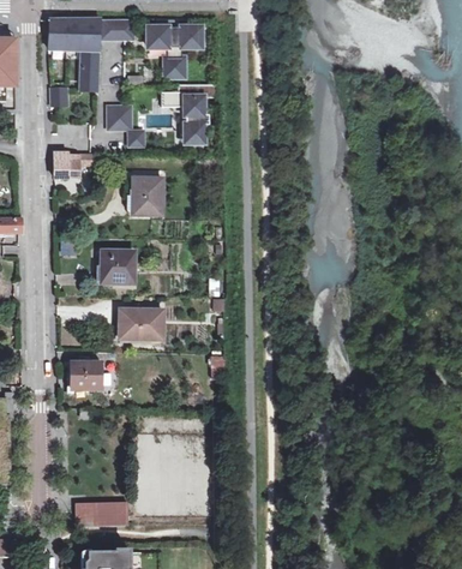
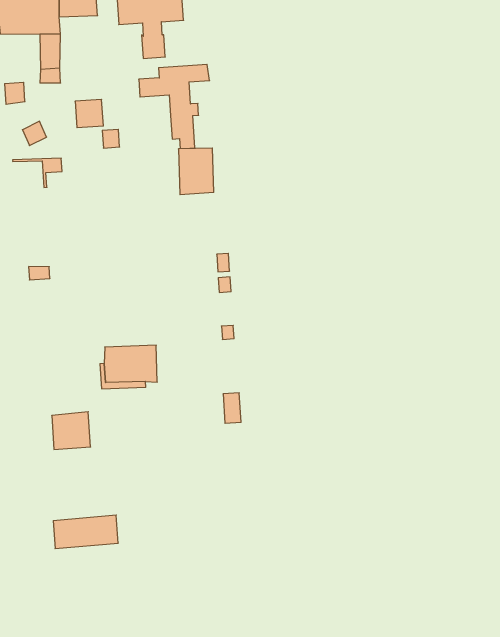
building: [54,154,78,178] -> none
building: [133,179,162,216] -> [178,148,214,195]
building: [98,247,136,283] -> none
building: [76,501,127,525] -> [53,515,118,549]

